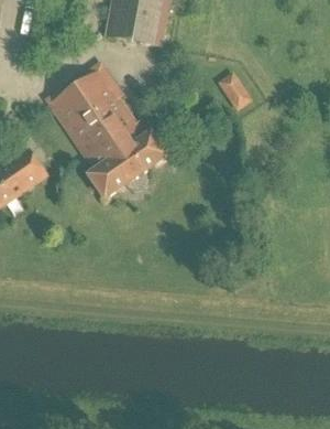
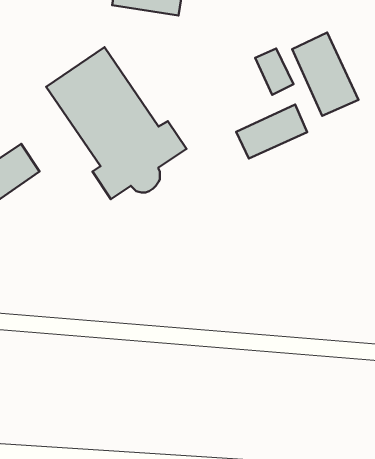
building: none -> [292,33,359,116]
building: none -> [236,104,307,159]

